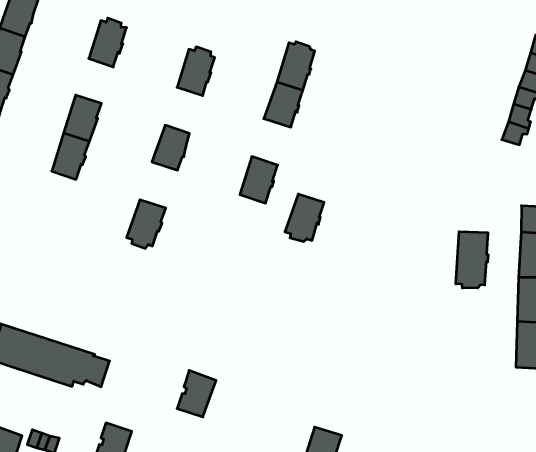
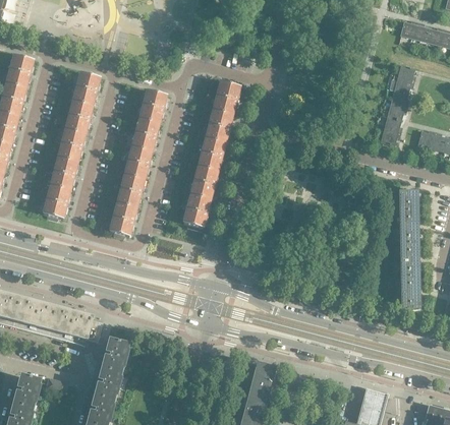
building: none -> [65,102,92,134]
building: none -> [132,119,159,153]
building: none -> [198,138,225,172]
building: none -> [117,175,144,208]
building: none -> [43,186,69,221]
building: [285,194,324,241] -> [182,195,210,230]
building: [456,232,488,288] -> none
building: [177,370,216,417] -> [102,341,129,374]

